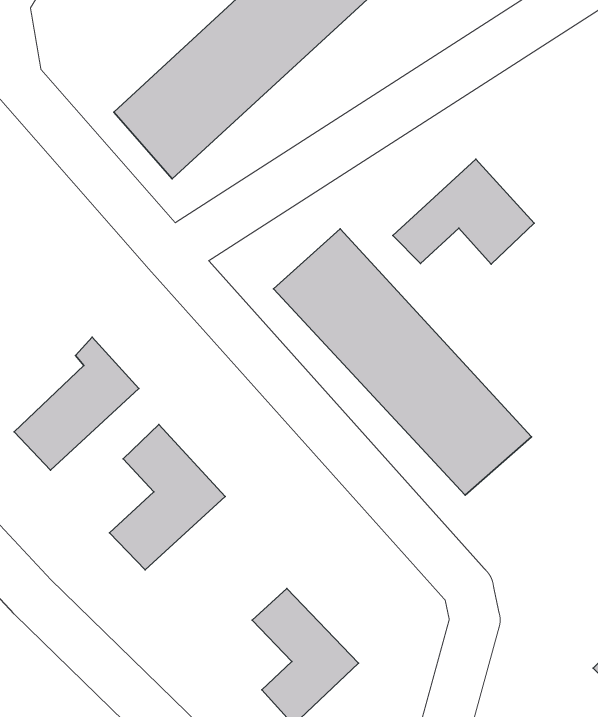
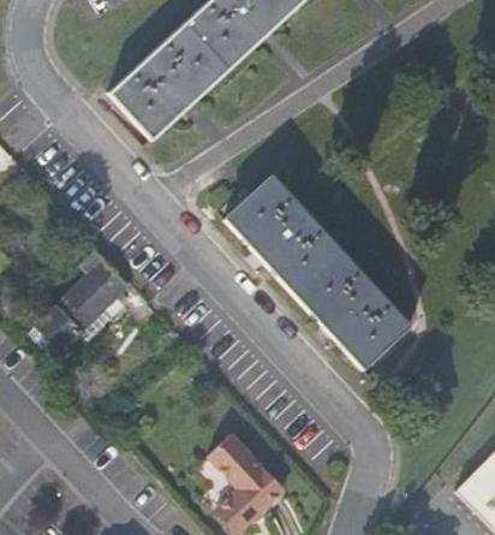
building: [393,159,534,264] -> none
building: [109,425,225,570] -> none

